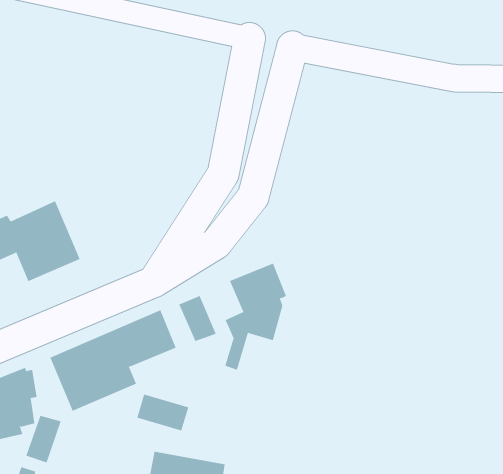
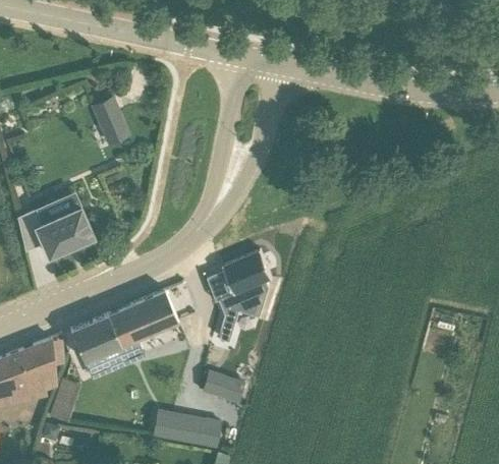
building: none -> [92,99,131,148]
building: [179,295,217,342] -> none
building: [136,394,189,431] -> [202,370,246,402]

